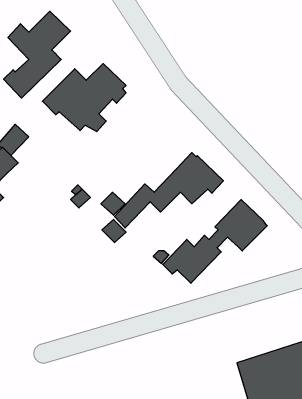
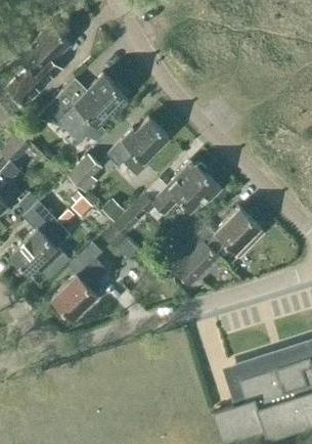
building: none -> [107,119,169,176]
building: none -> [68,153,103,193]
building: none -> [9,201,70,279]
building: none -> [51,242,107,319]

